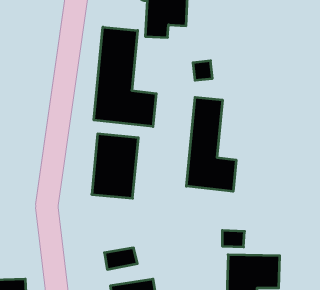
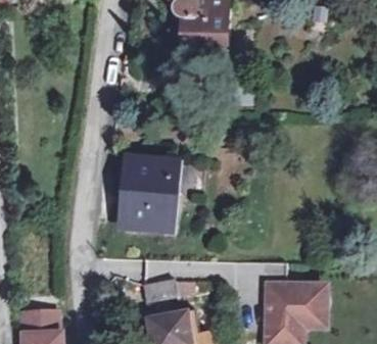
building: [94,27,156,127] -> none
building: [186,97,236,191] -> none

